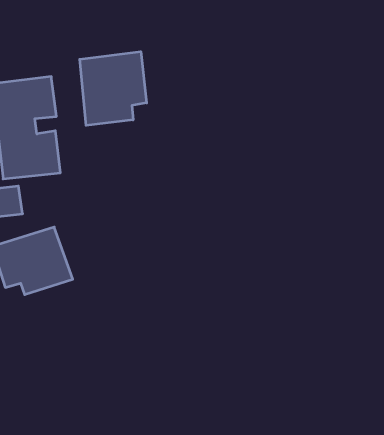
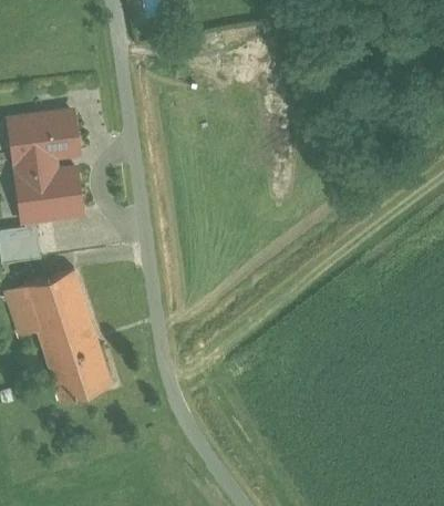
building: [80,52,147,125] -> none
building: none -> [43,328,113,400]

